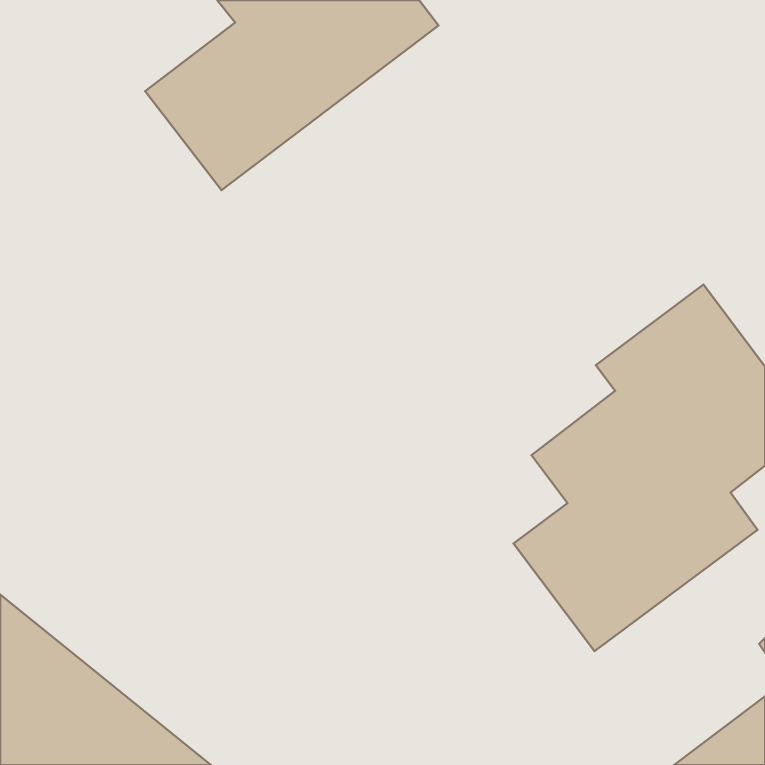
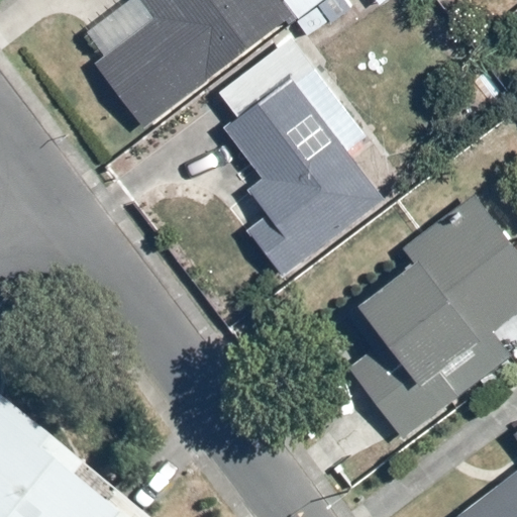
building: none -> [224,74,389,279]

